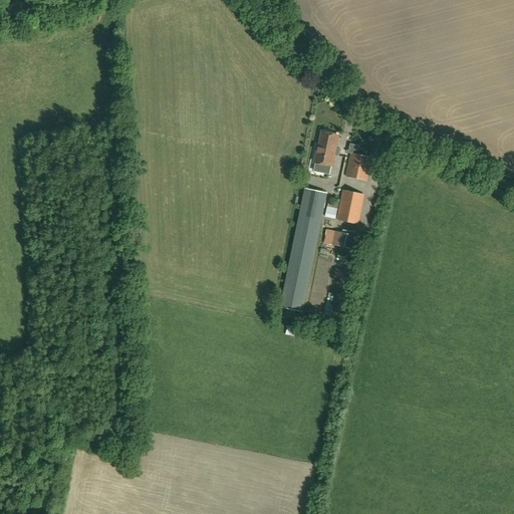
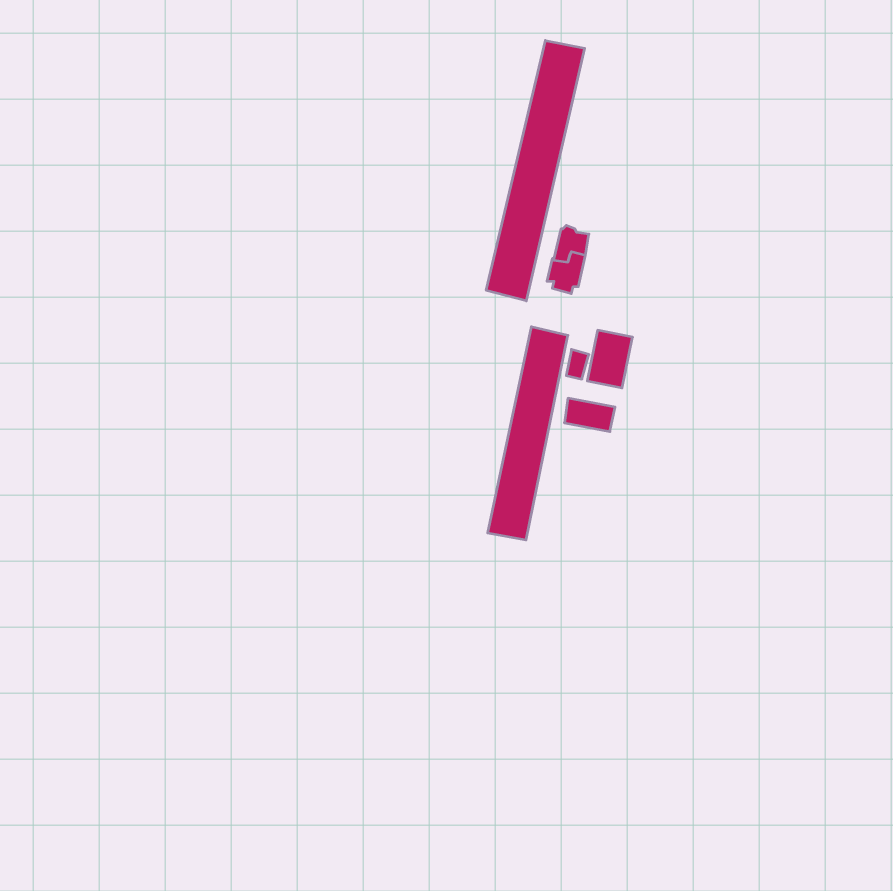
building: none -> [486,40,585,301]
building: [346,153,371,181] -> none

